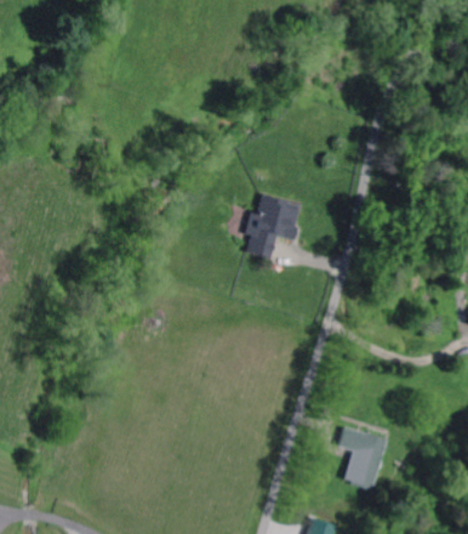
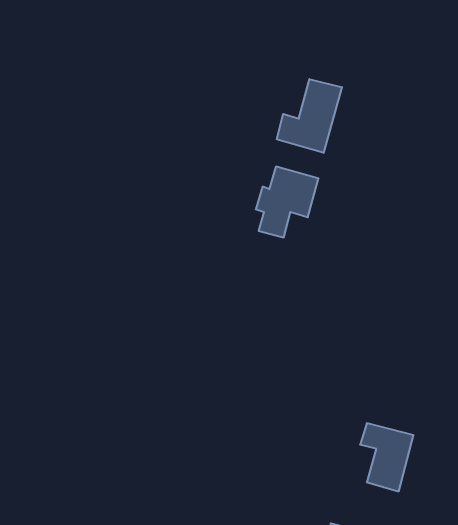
building: none -> [277,79,342,153]

